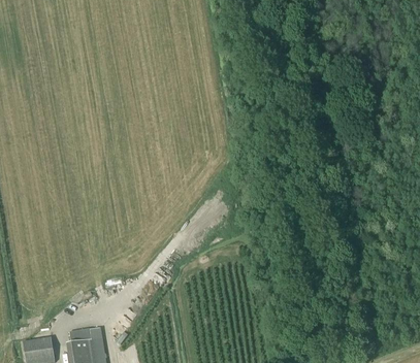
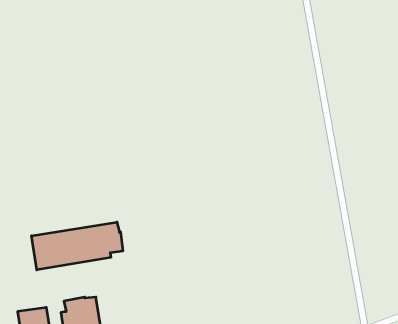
building: none -> [32,222,123,270]

